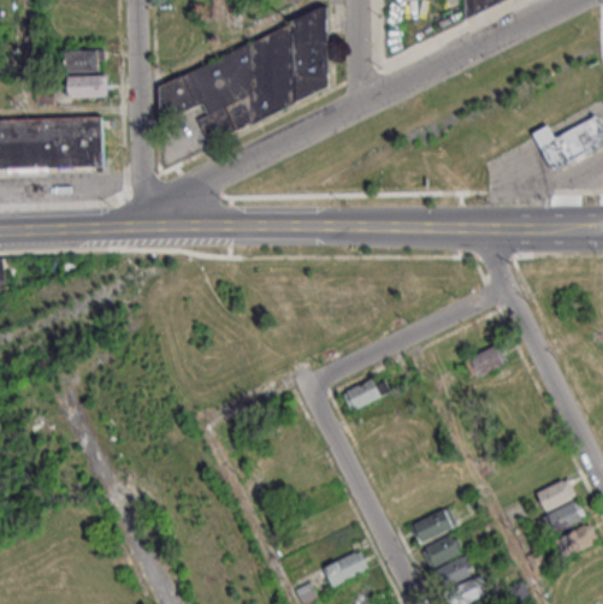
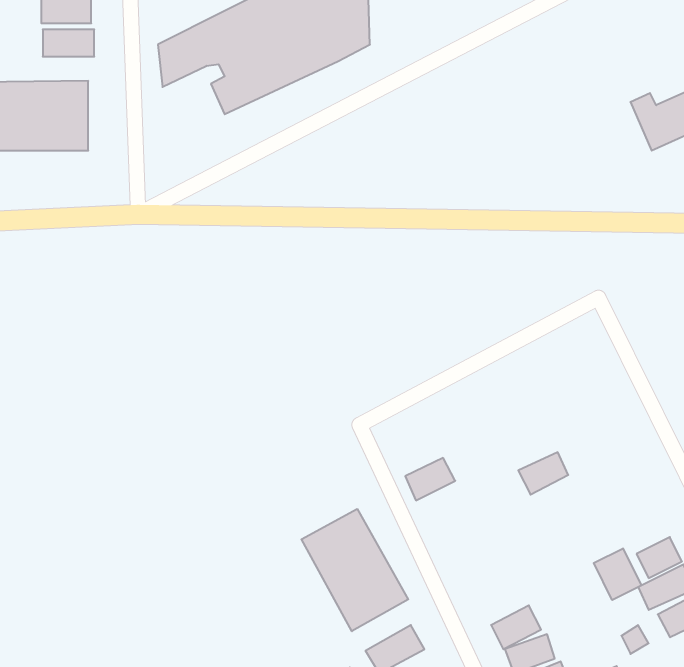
building: [466,343,506,377] -> [518,452,568,495]
building: [344,377,384,410] -> [405,458,455,500]
building: none -> [301,509,408,631]
building: none -> [594,548,641,600]
building: [412,507,455,540] -> none

